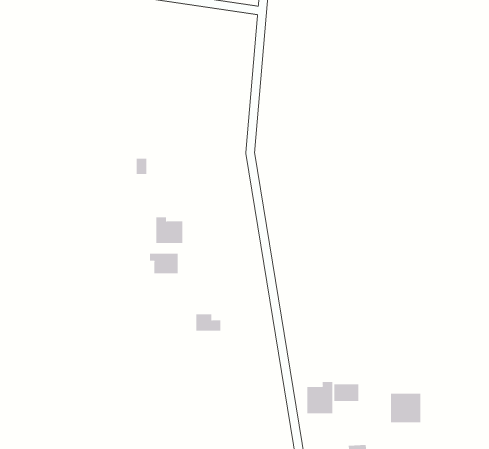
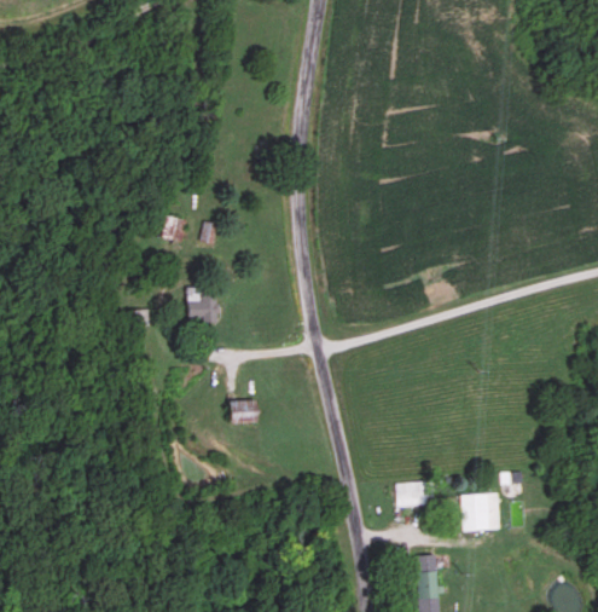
building: [150,253,178,274] -> none
building: [307,381,333,414] -> none

